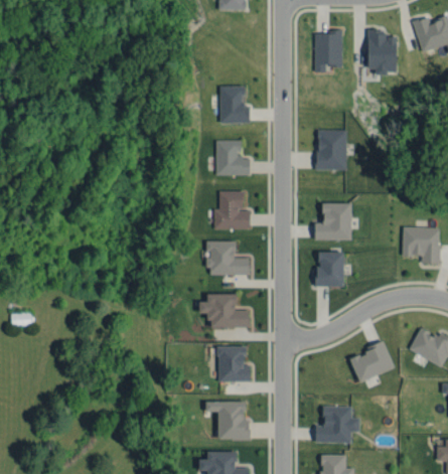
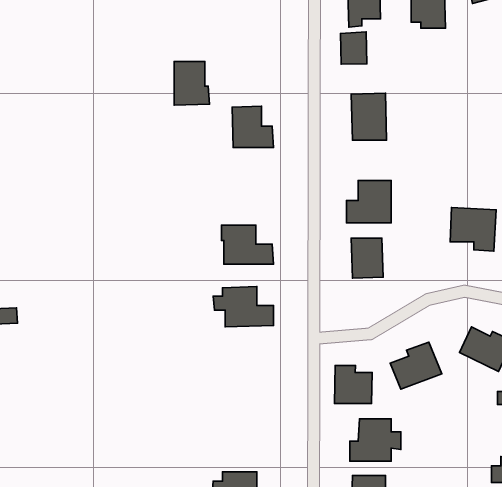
building: none -> [340,32,367,64]
building: [220,86,251,123] -> [174,62,209,105]
building: [213,191,251,229] -> none
building: [218,346,251,381] -> none
building: none -> [334,365,372,403]
building: [204,402,249,441] -> none

